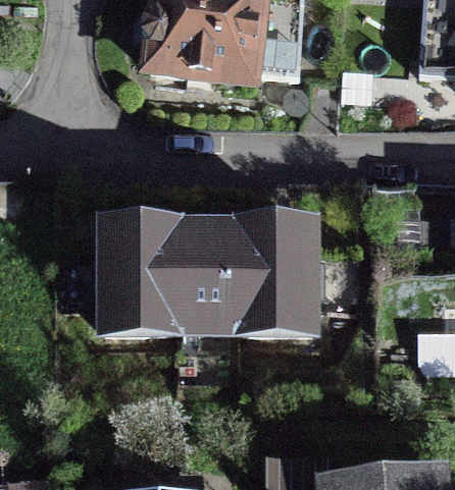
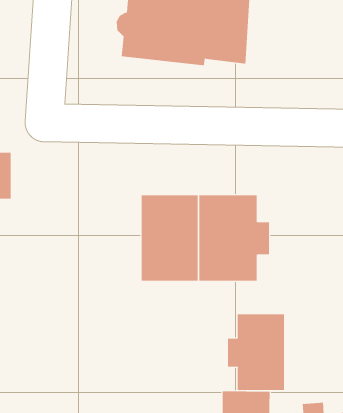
building: [89,229,172,330] -> none
building: none -> [228,313,285,391]

